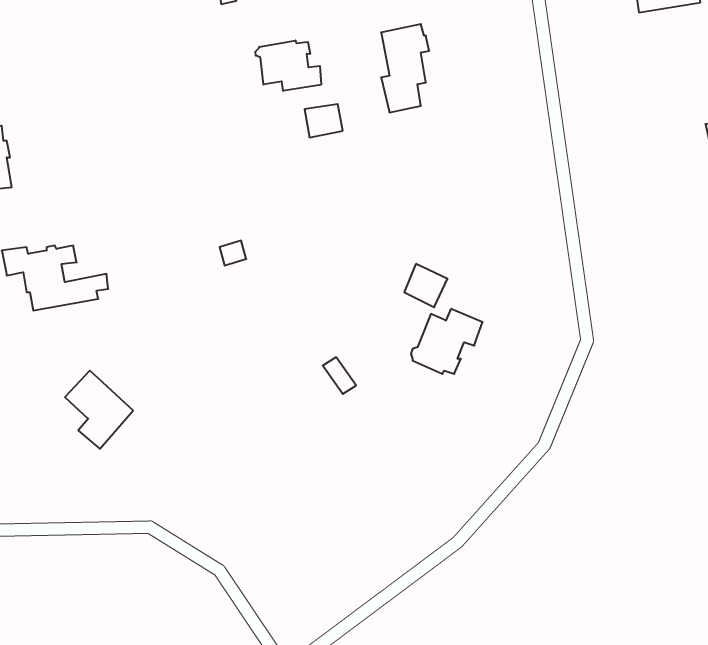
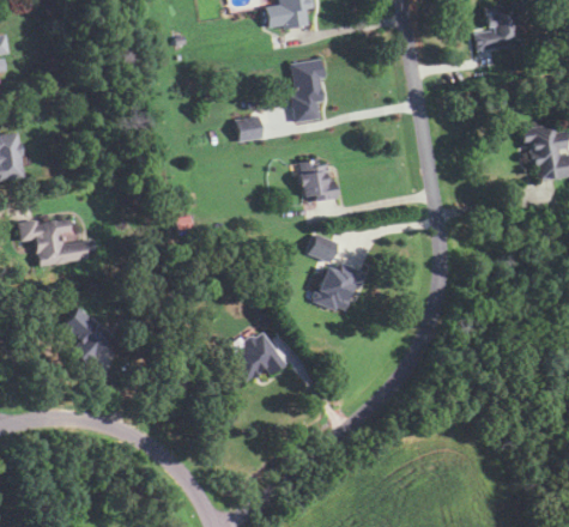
building: [256,40,321,91] -> none
building: none -> [298,159,337,202]
building: none -> [230,333,285,382]

